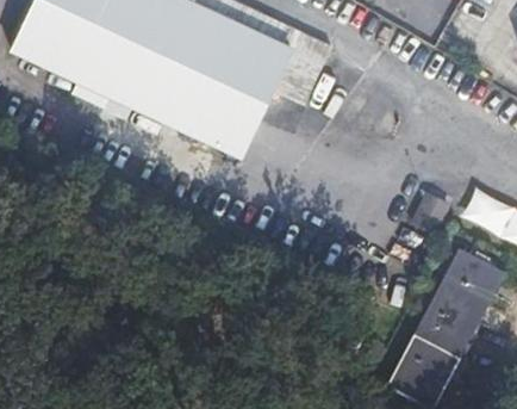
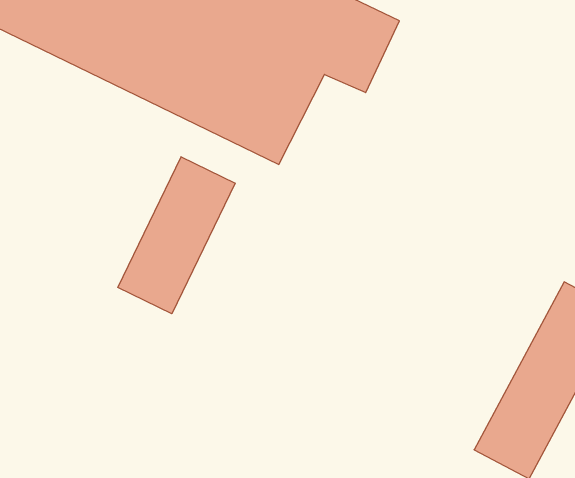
building: none -> [118,157,235,314]

